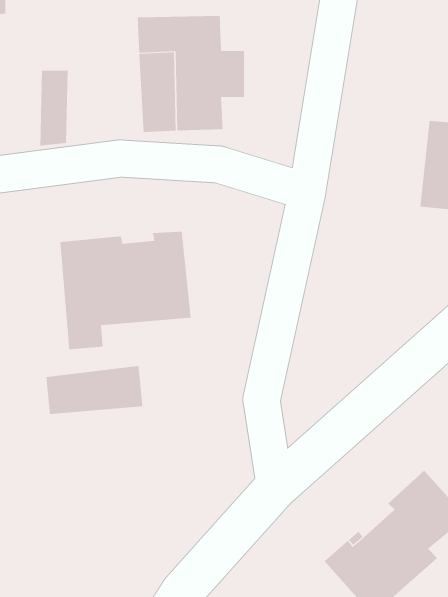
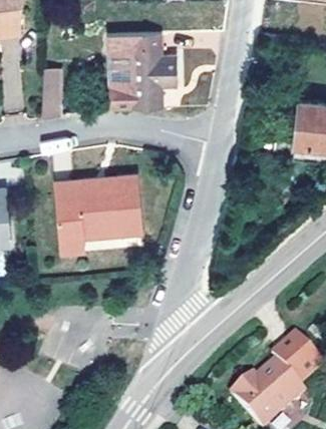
building: [46,365,143,415] -> none

